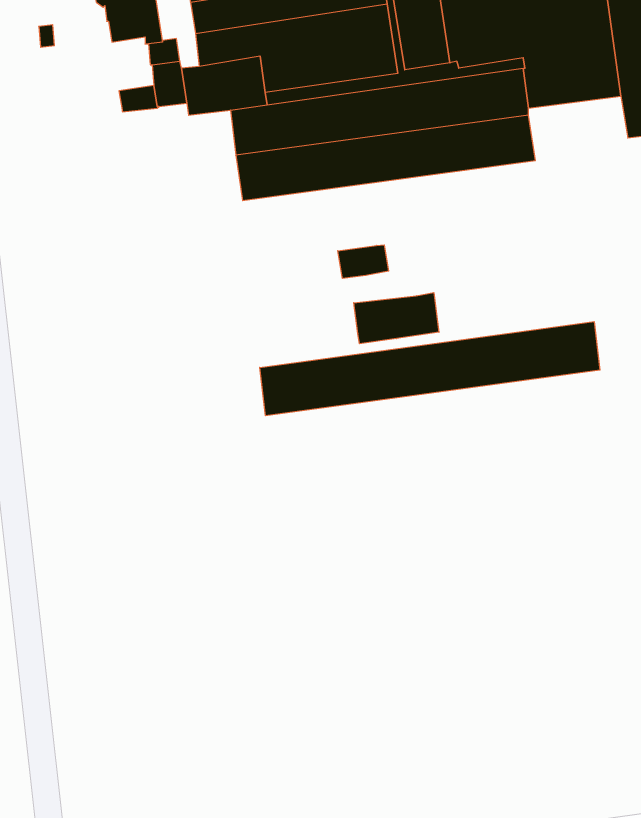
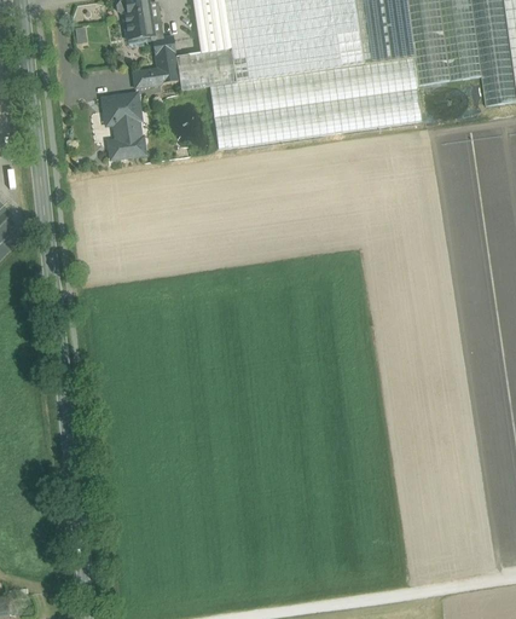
building: none -> [104,93,145,158]
building: [338,245,389,278] -> none
building: [354,293,439,344] -> none
building: [260,322,600,416] -> none

